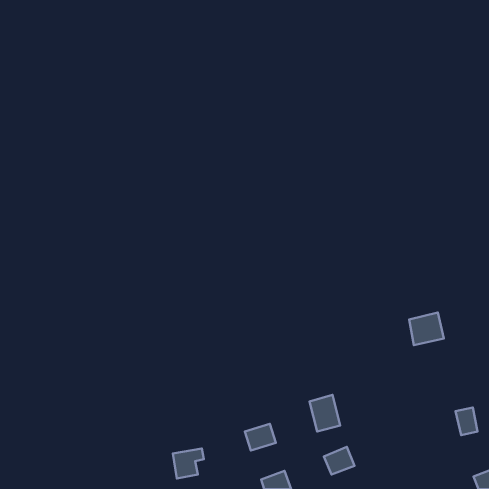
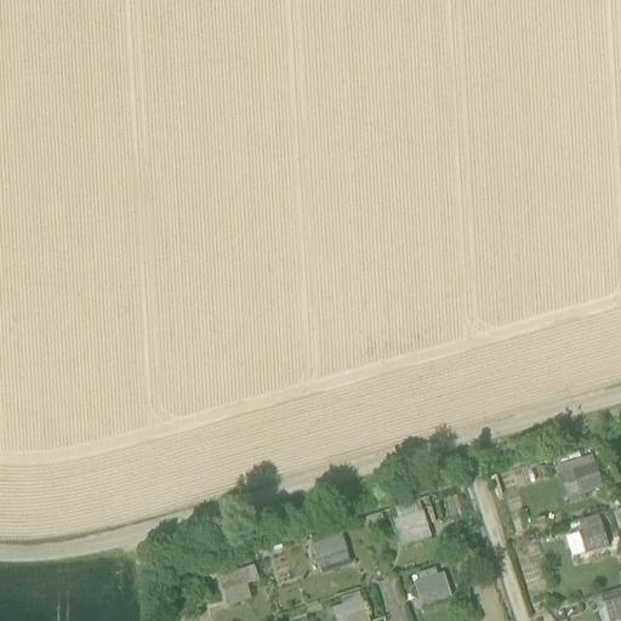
building: [409,313,444,345] -> [558,454,602,495]

